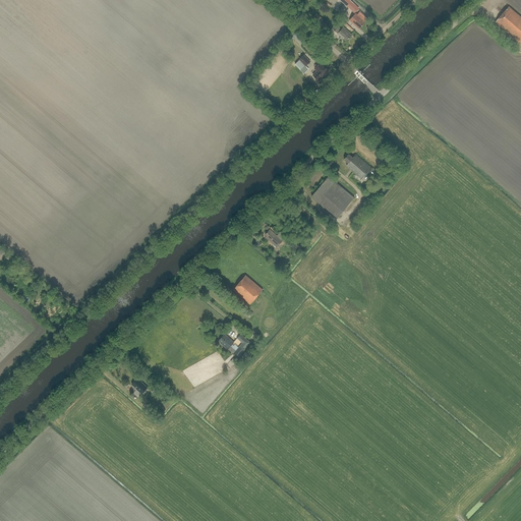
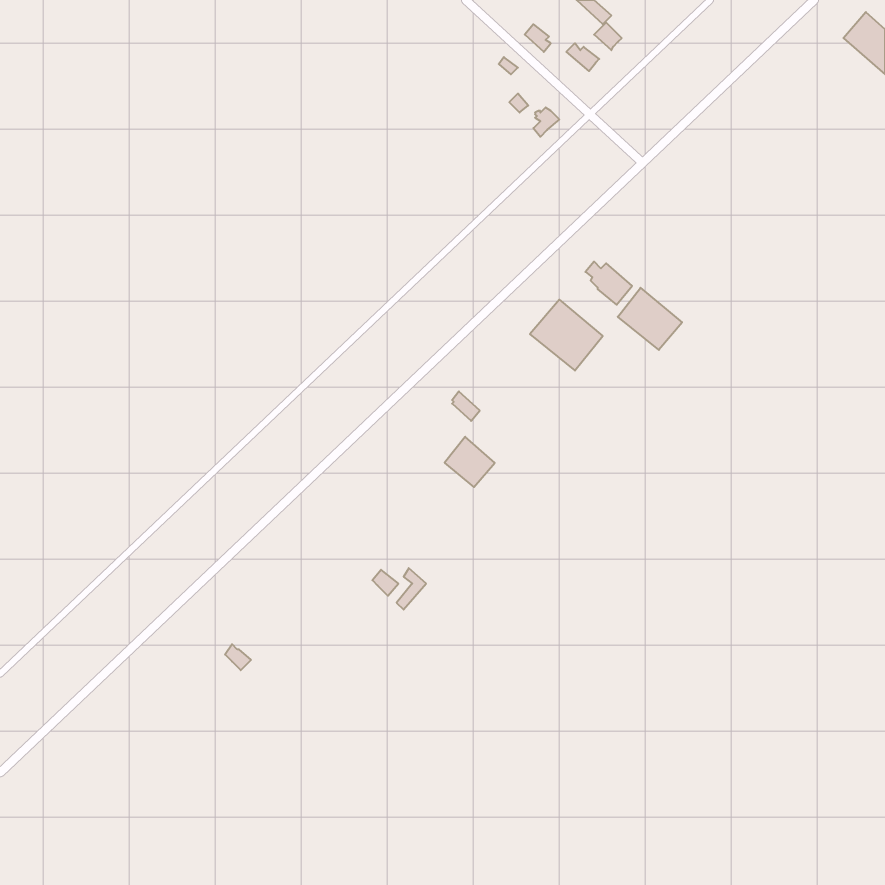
building: none -> [618,288,682,350]
building: [233,275,263,304] -> [445,437,495,487]

